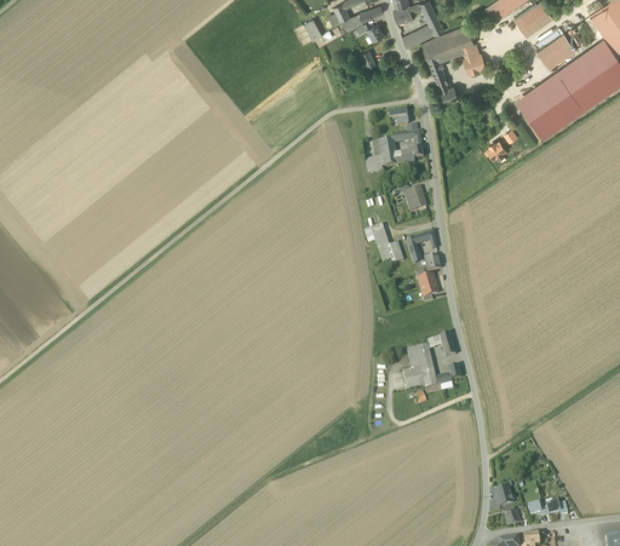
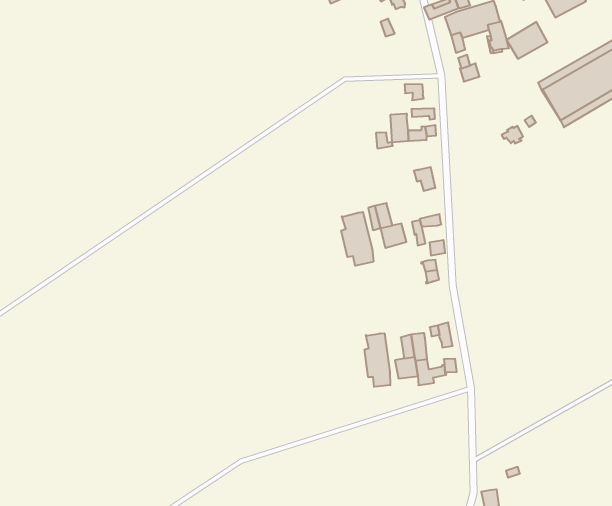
building: [536,33,575,69] -> [507,22,548,59]
building: none -> [341,212,373,266]
building: none -> [365,333,390,387]

